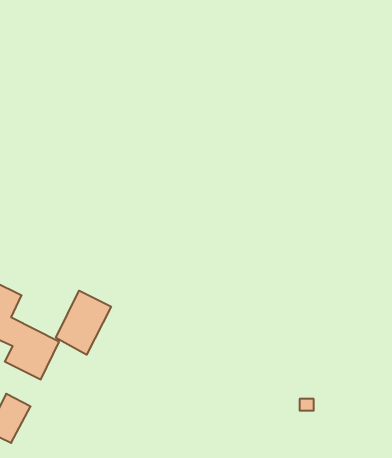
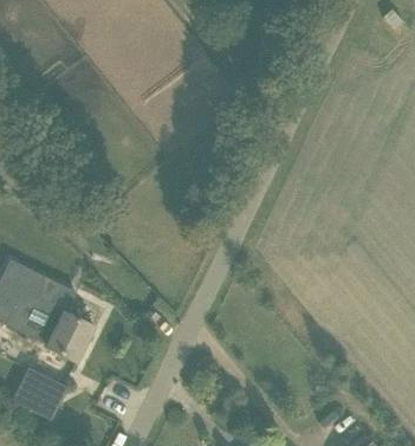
building: [56,291,111,355] -> none

